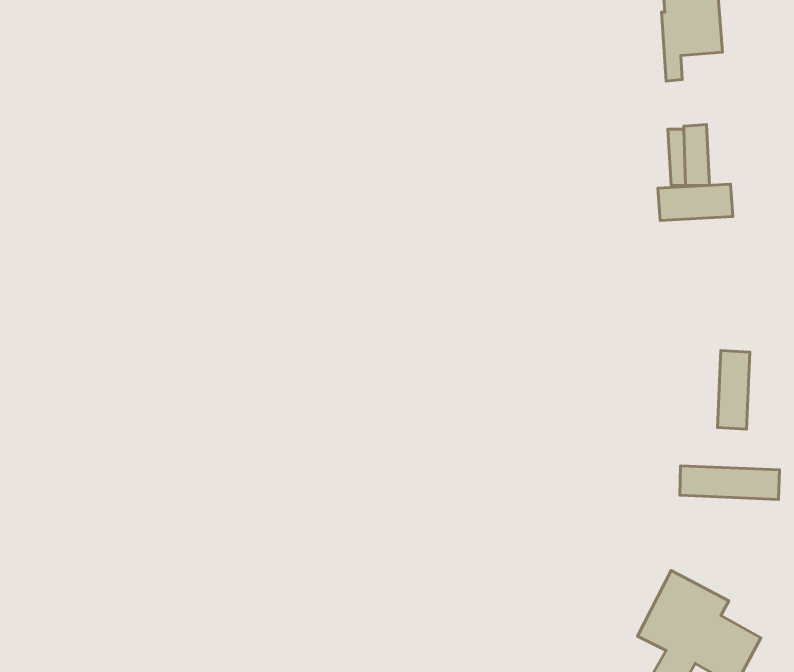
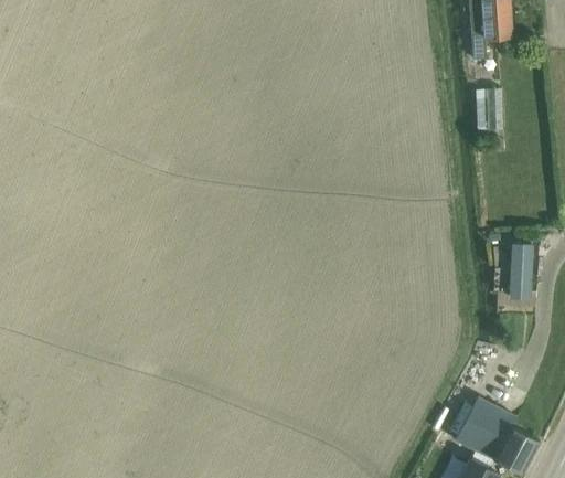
building: [658,184,733,220] -> none
building: [680,466,779,499] -> none

